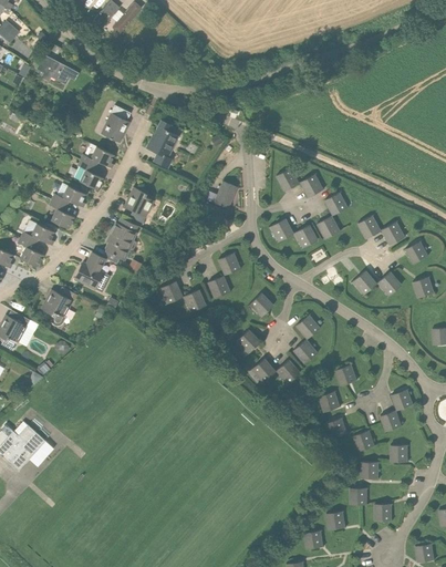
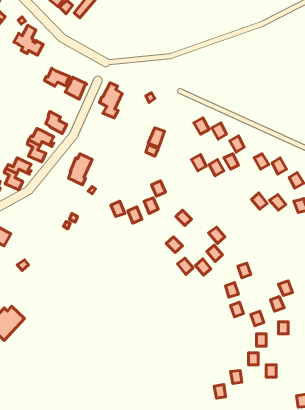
building: [81,143,115,168] -> [44,68,70,87]
building: [125,186,155,217] -> none
building: [75,251,106,289] -> none
building: [42,289,74,324] -> none

